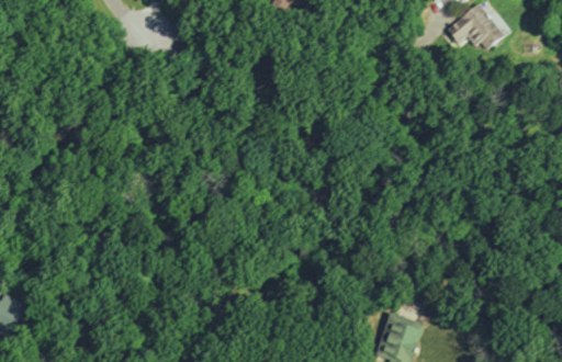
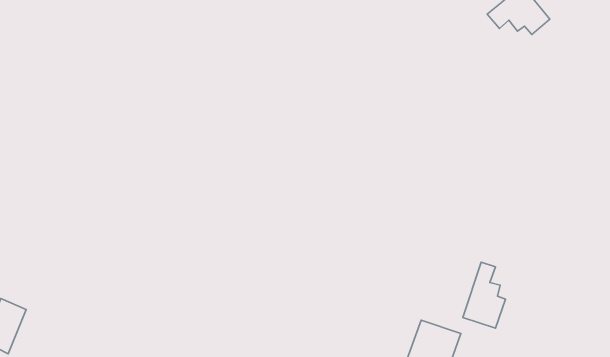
building: none -> [463,262,506,328]

